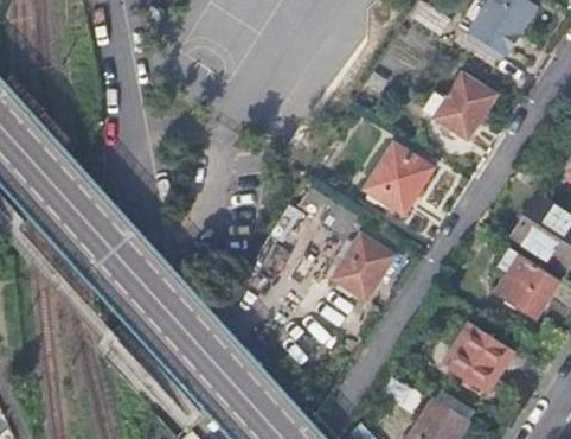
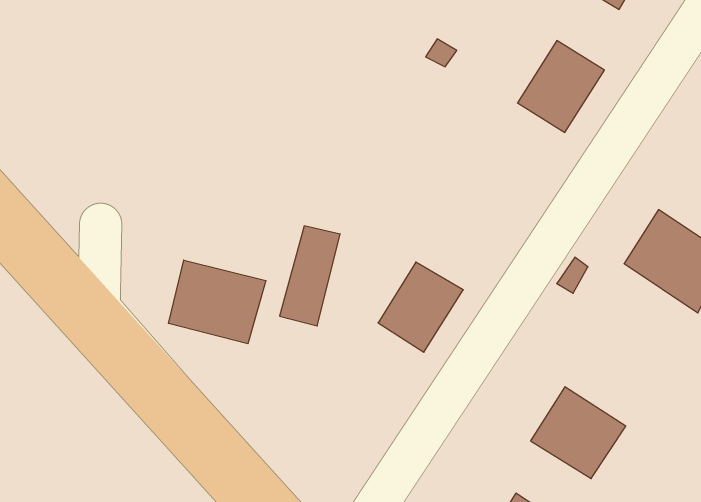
building: [365,141,434,214] -> none
building: none -> [168,260,266,344]
building: [498,255,559,317] -> none

